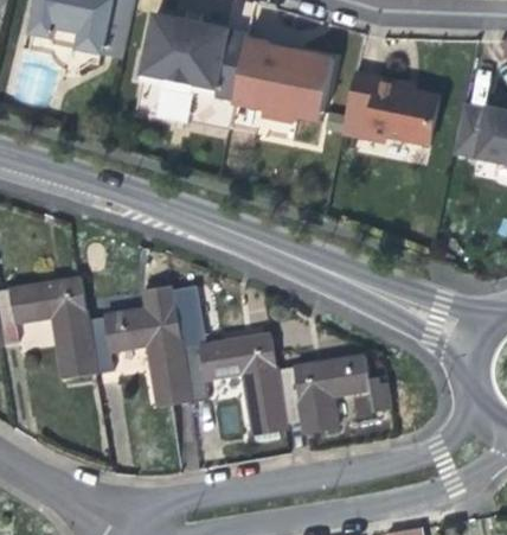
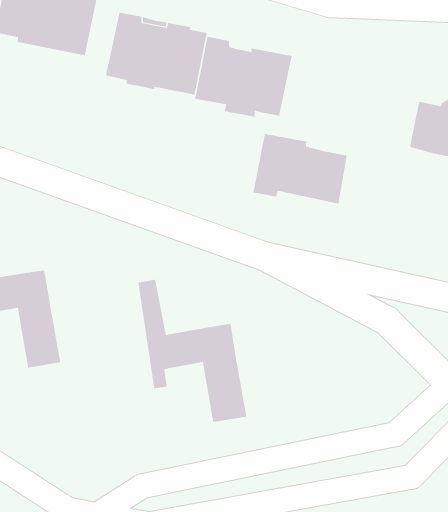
building: [341,72,438,145] -> [253,134,347,204]
building: [86,285,191,406] -> none
building: [276,355,391,433] -> none

